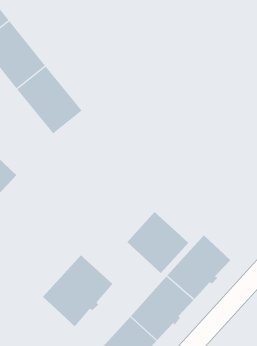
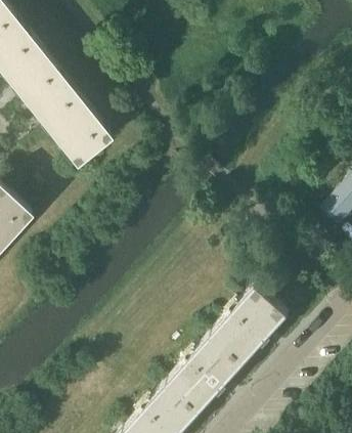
building: [126,211,189,274] -> none
building: [42,255,113,327] -> none

